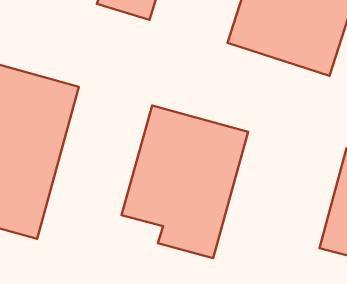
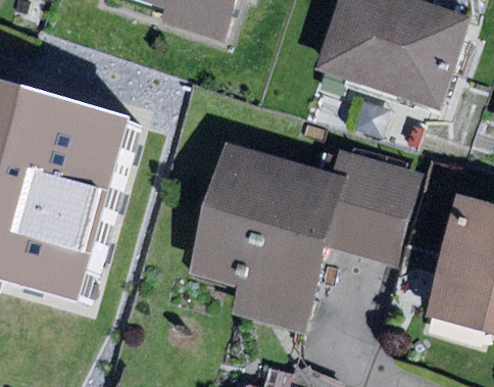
building: none -> [322,152,419,265]

